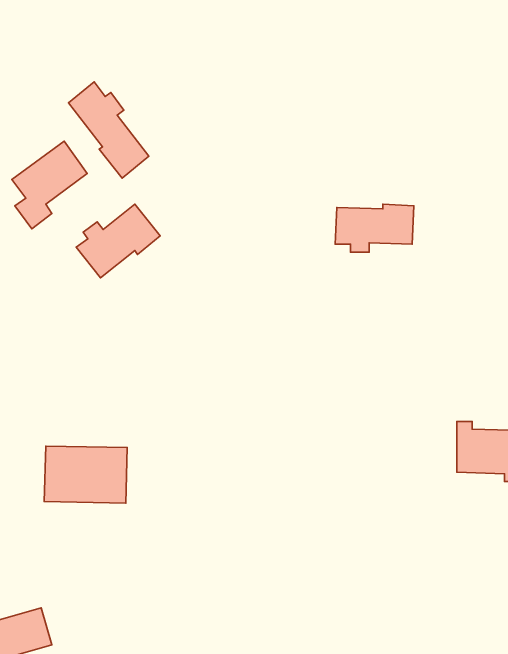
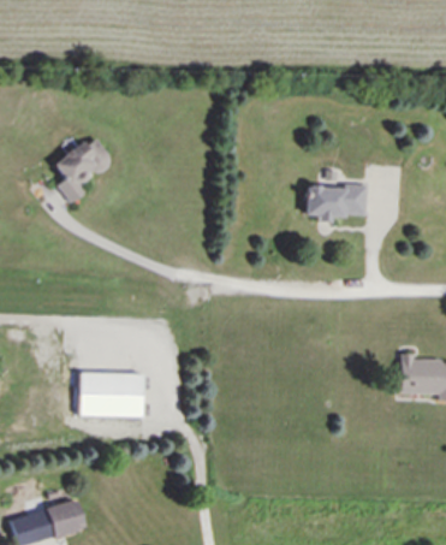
building: [68,82,149,178] -> none
building: [76,204,160,278] -> none

